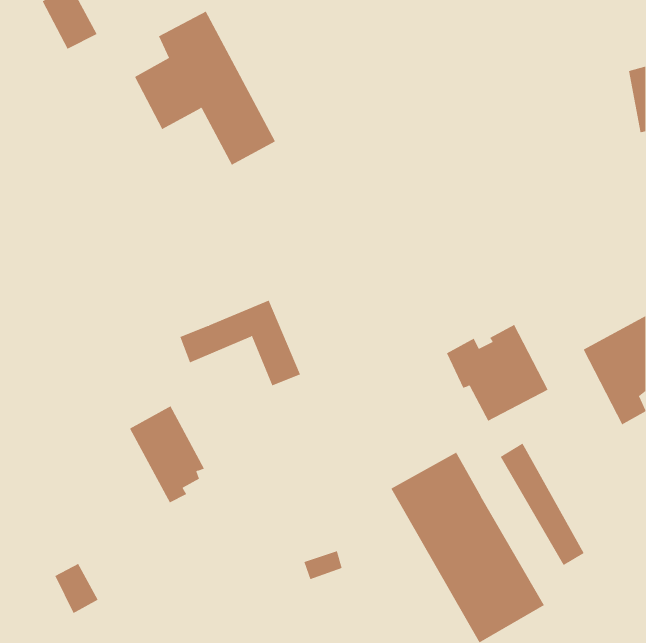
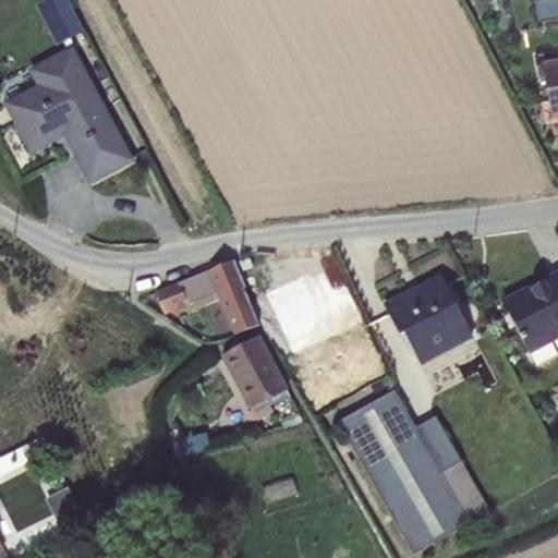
building: [134,11,276,165] -> [8,46,130,179]
building: [129,406,205,503] -> [222,333,288,417]
building: [500,443,585,566] -> [415,415,488,521]

